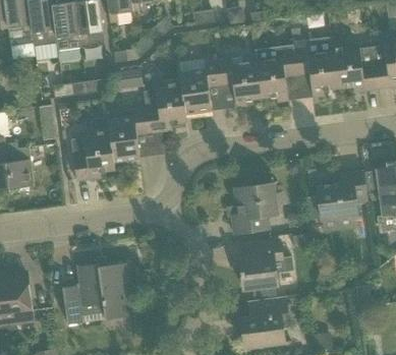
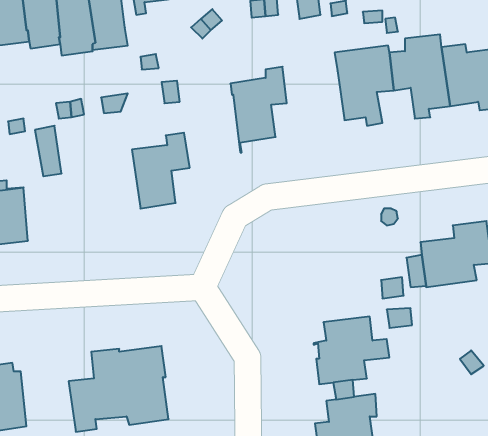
building: [216,57,261,108] -> none
building: [143,80,185,133] -> none
building: [70,117,114,181] -> none
building: [230,184,276,234] -> none

